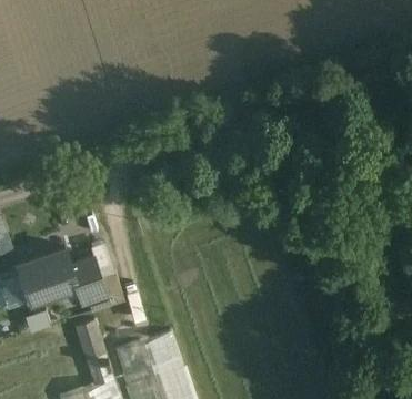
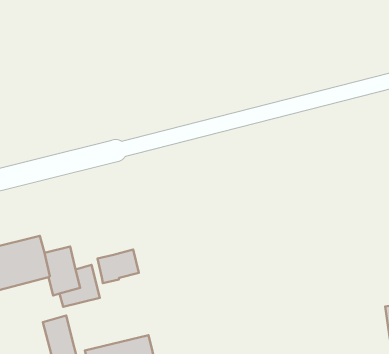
building: none -> [98,250,139,283]

